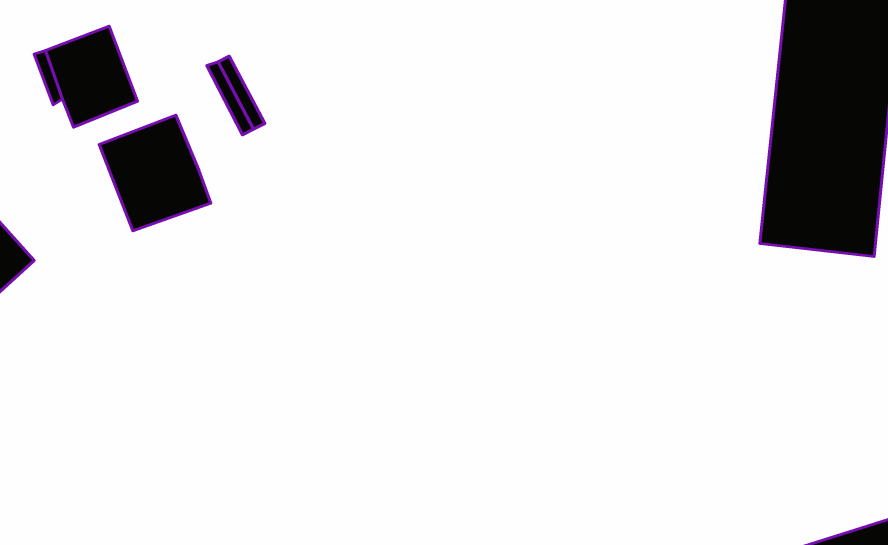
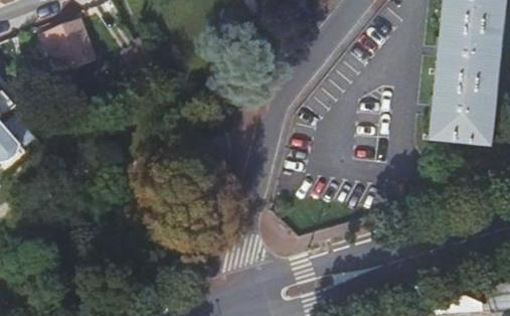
building: [99,115,211,231] -> none

